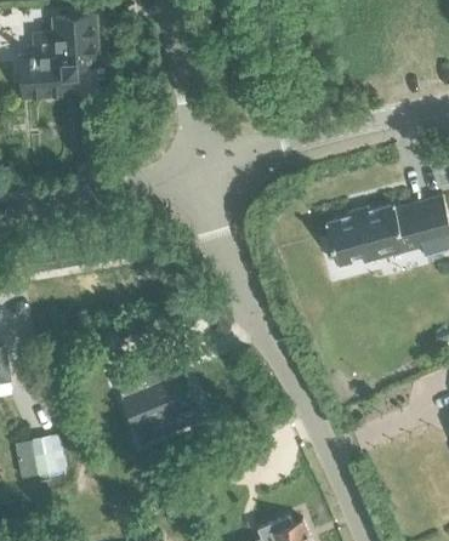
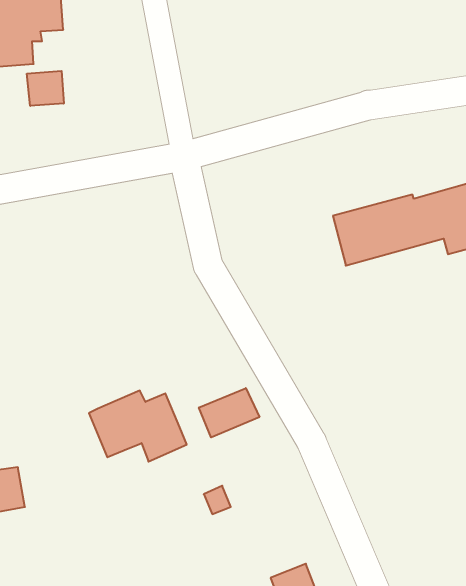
building: none -> [27,71,64,106]
building: none -> [199,388,259,437]

